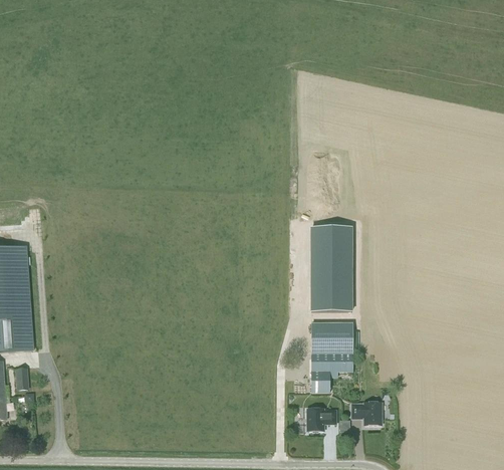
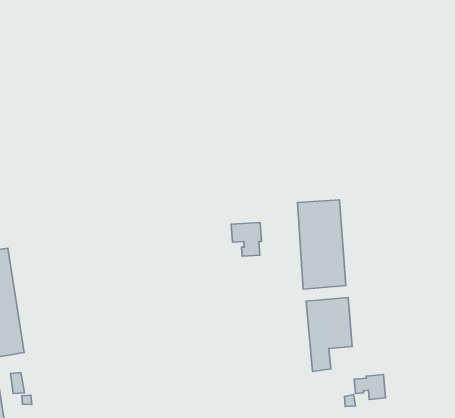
building: none -> [231,222,261,256]
building: [307,409,335,431] -> none

